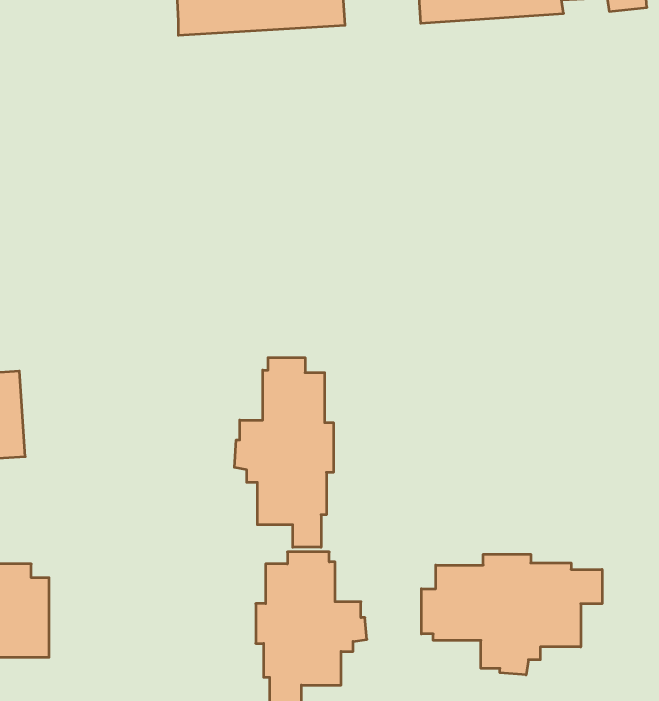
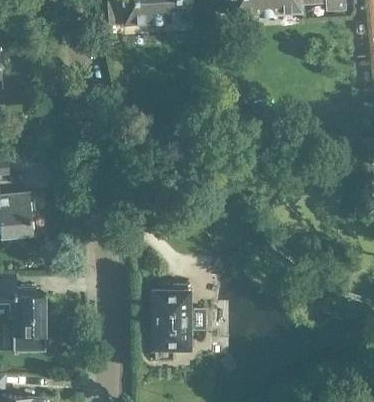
building: [234,358,333,547] -> none
building: [421,554,602,675] -> none

